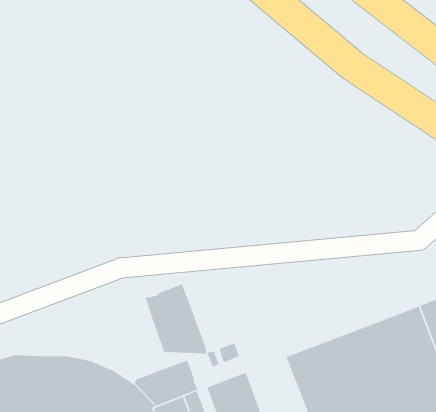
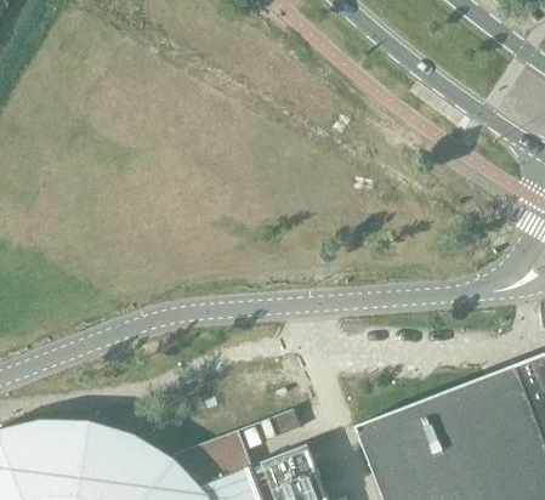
building: [144,283,207,355] -> none

